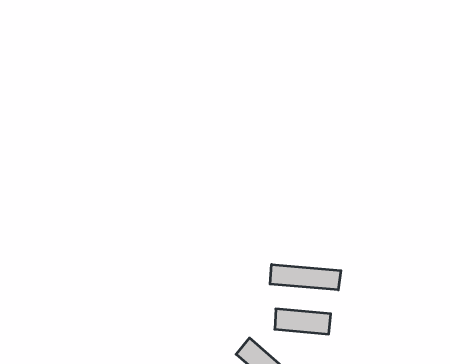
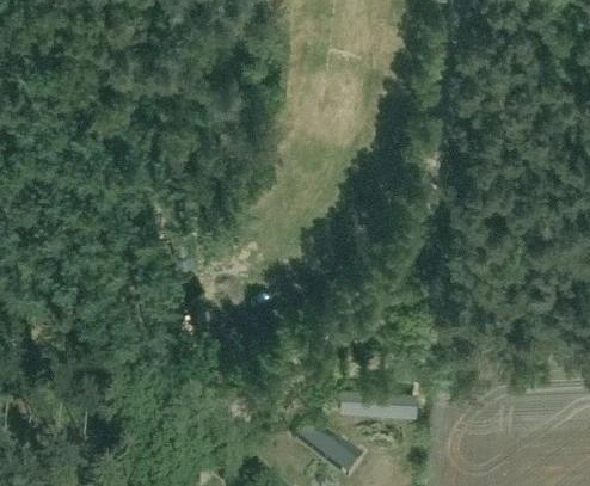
building: [270,264,341,290] -> none

